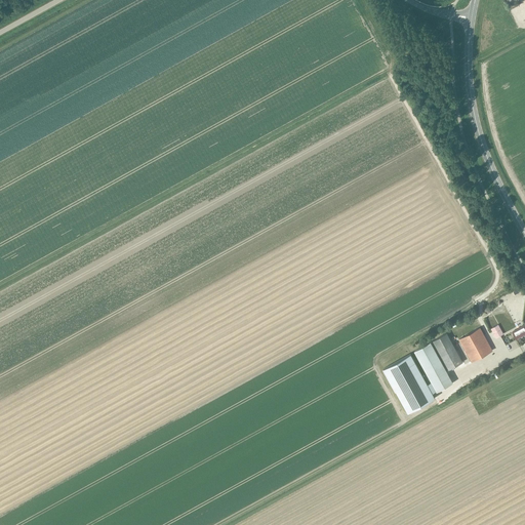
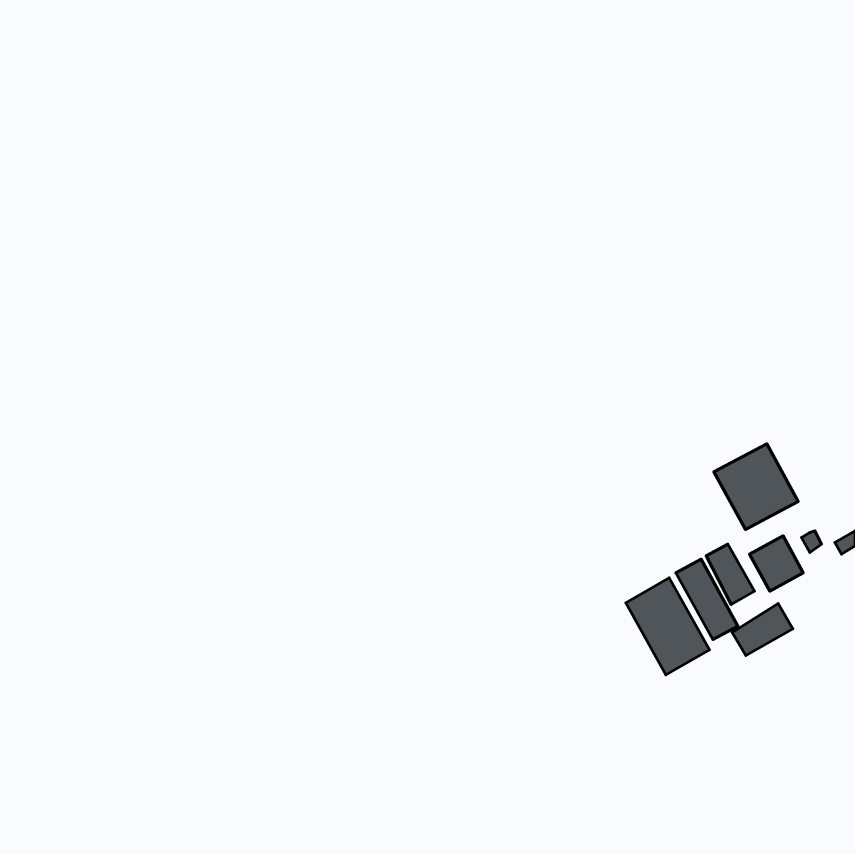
building: none -> [714,444,798,530]
building: none -> [732,603,793,656]

